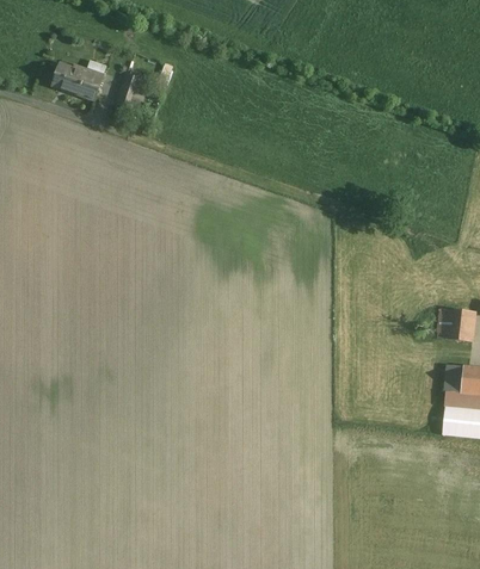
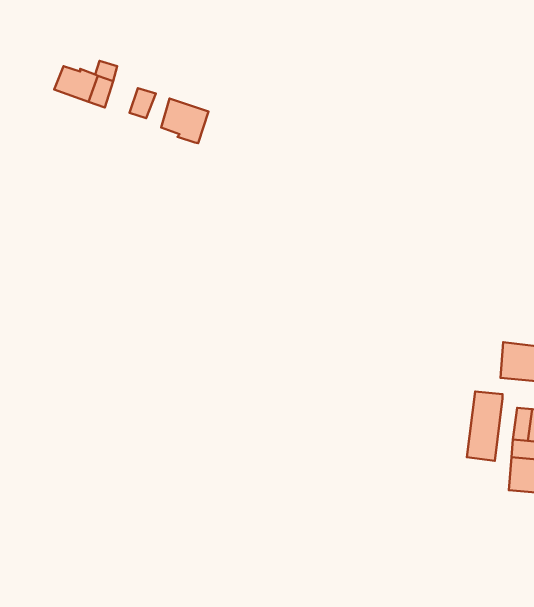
building: none -> [161,99,209,143]
building: none -> [467,392,503,461]

